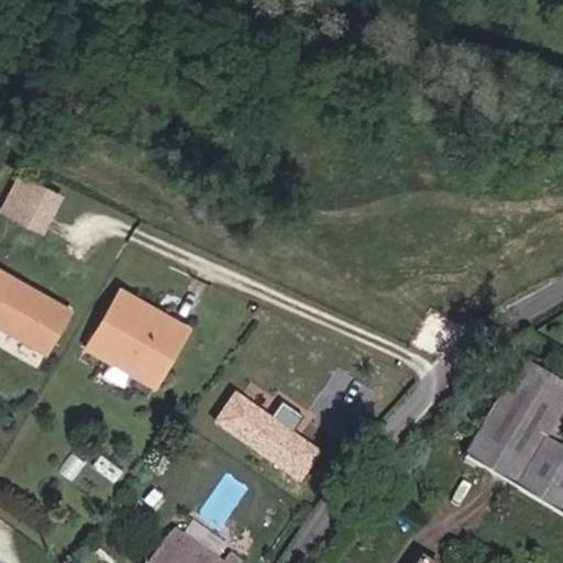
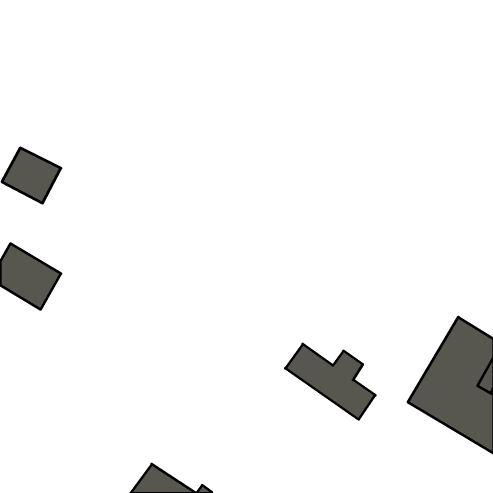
building: [87,288,188,386] -> none
building: [222,399,324,485] -> [285,344,375,419]

